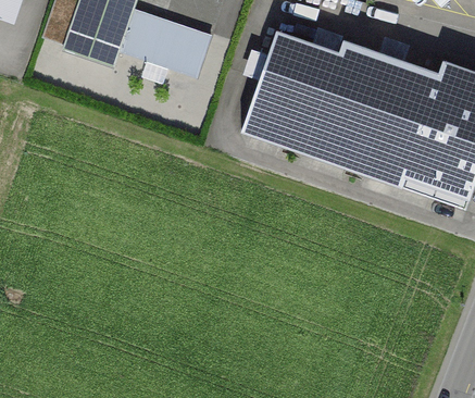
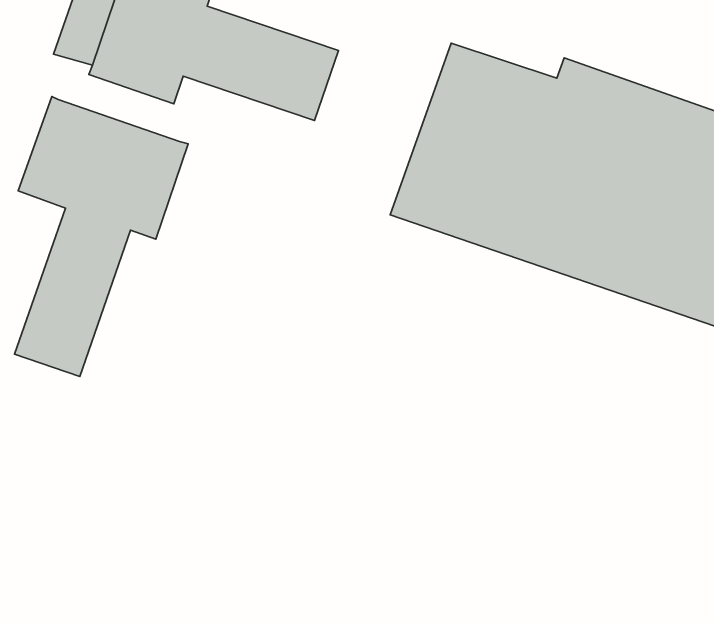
building: none -> [15,97,188,377]

